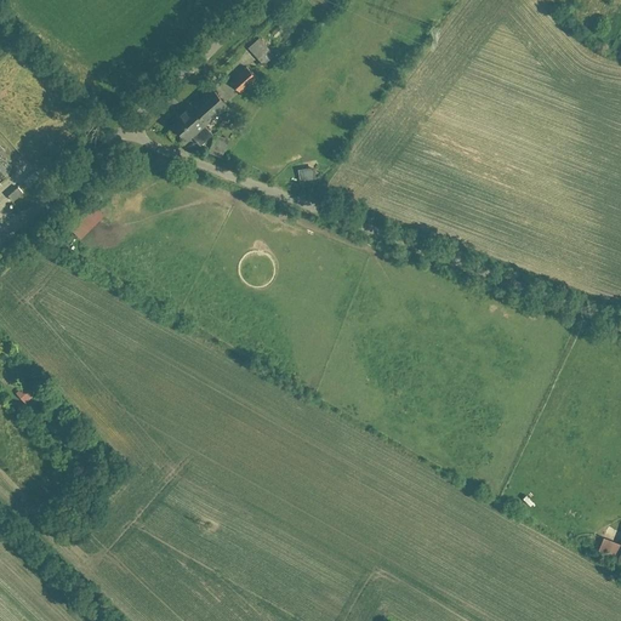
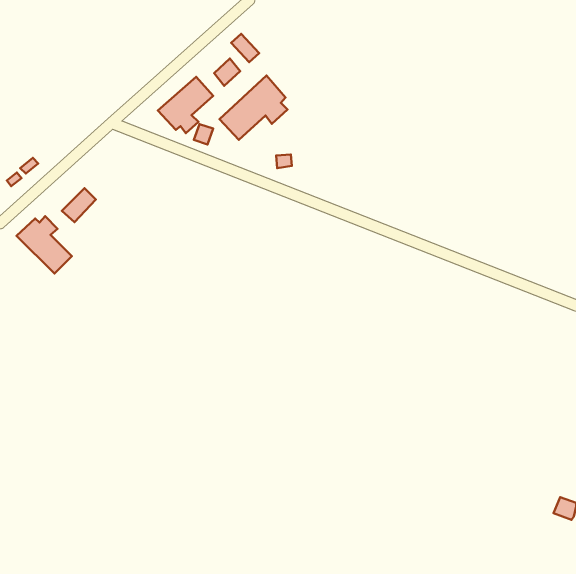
building: none -> [220,76,288,140]
building: none -> [17,216,72,274]

